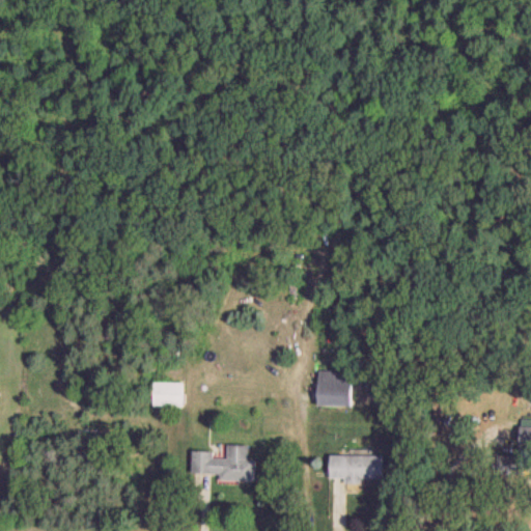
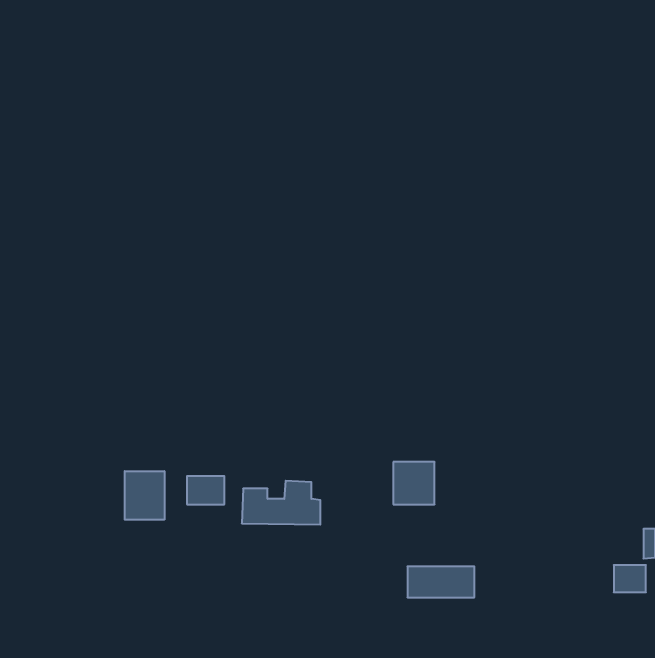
building: none -> [125,471,164,520]
building: [190,444,253,479] -> [242,481,320,525]

